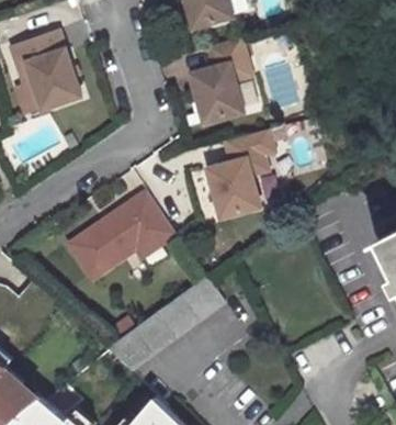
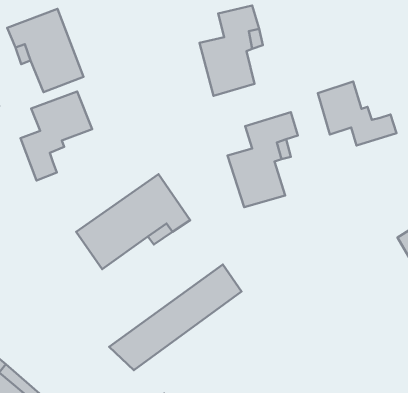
building: none -> [318,82,396,145]
building: none -> [20,92,92,180]

